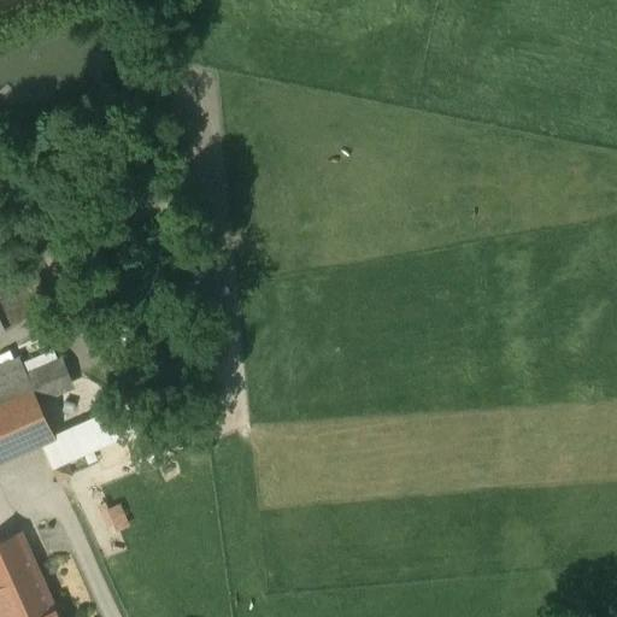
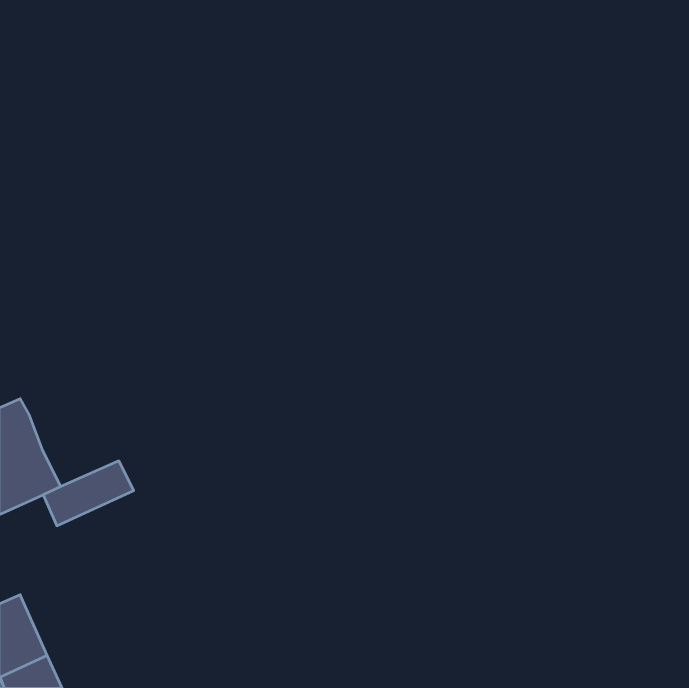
building: [27,358,72,402] -> none

